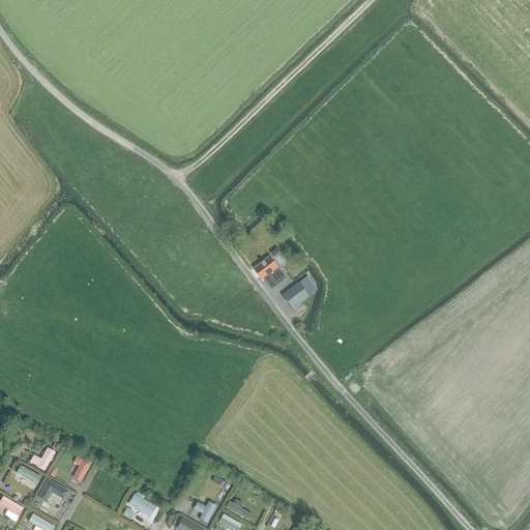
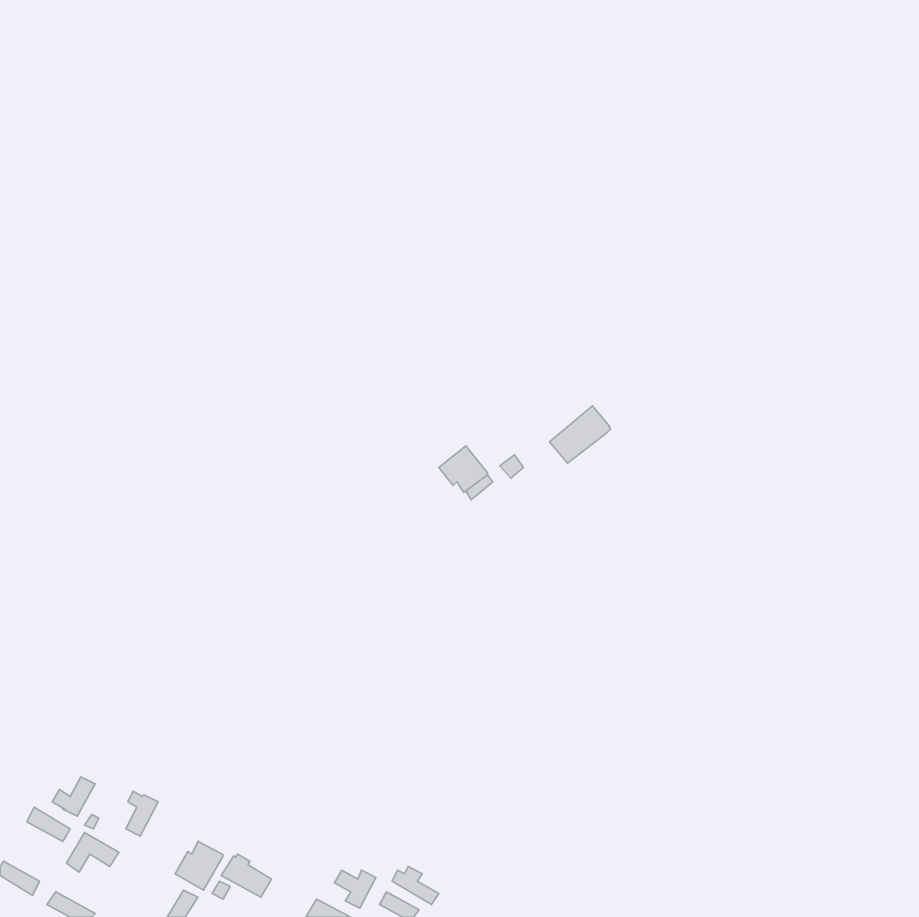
building: [282,275,317,308] -> [549,406,611,463]
building: none -> [175,841,223,890]

